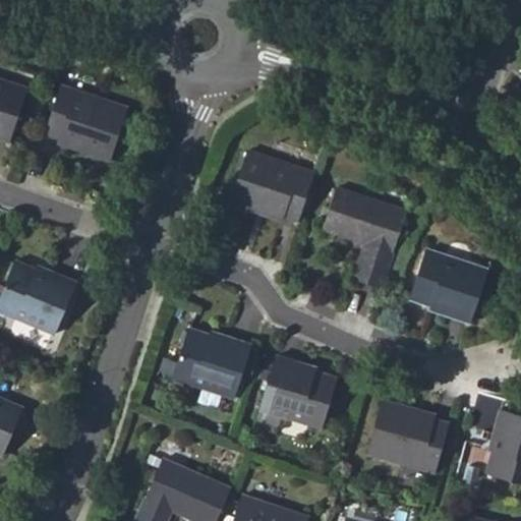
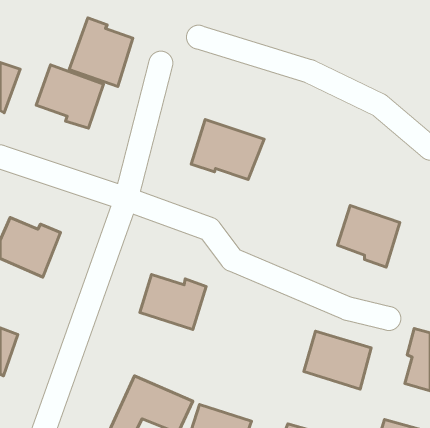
building: none -> [69,18,133,87]
building: [324,189,402,287] -> none
building: [263,360,338,431] -> none

